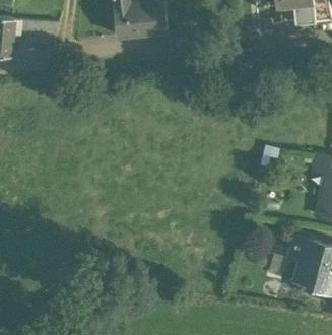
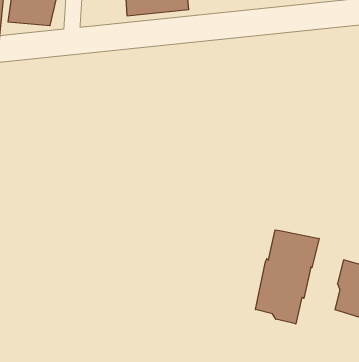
building: none -> [256,230,319,324]

